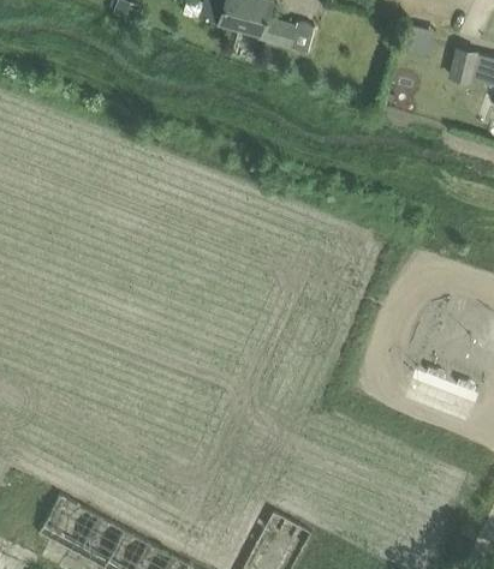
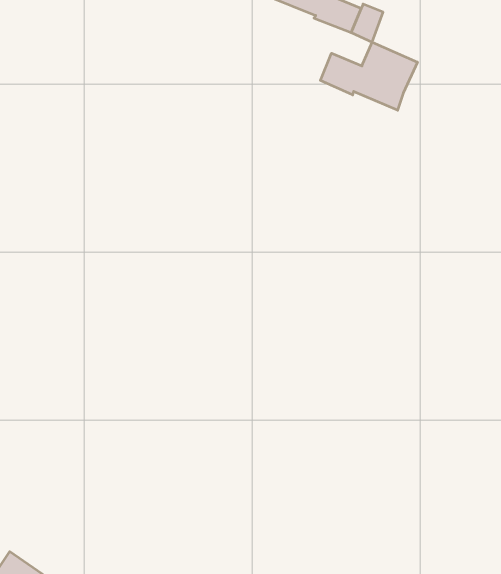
building: none -> [320,42,417,110]

